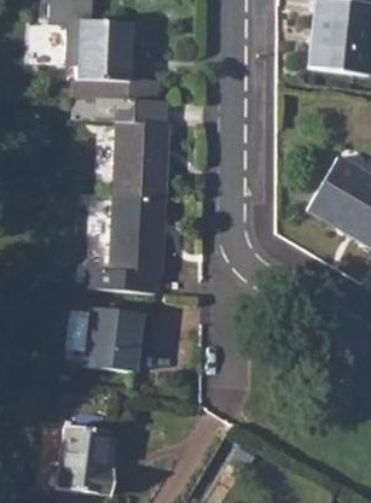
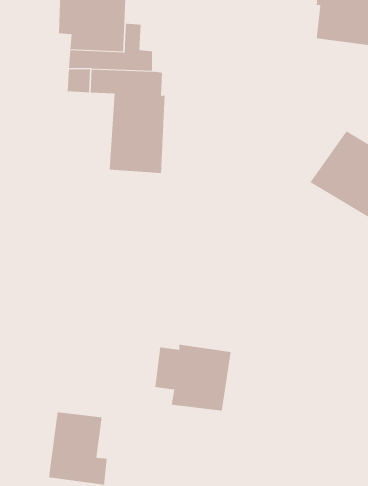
building: [86,193,164,293] -> none
building: [66,306,140,370] -> [154,344,231,411]

